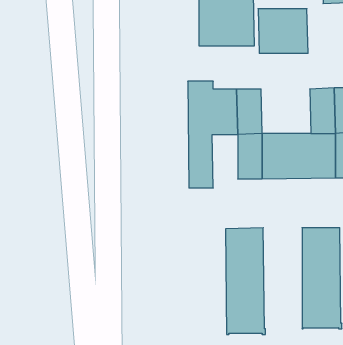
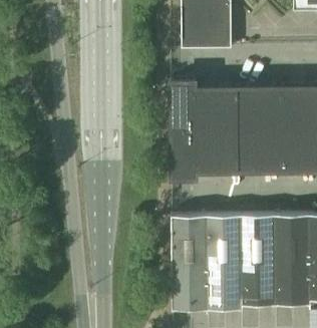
building: [258,9,308,53] -> [240,89,285,129]
building: none -> [196,130,219,179]
building: none -> [242,215,277,306]
building: none -> [173,216,209,311]

